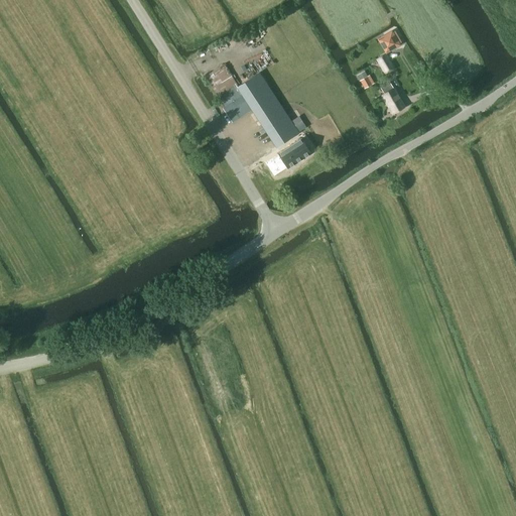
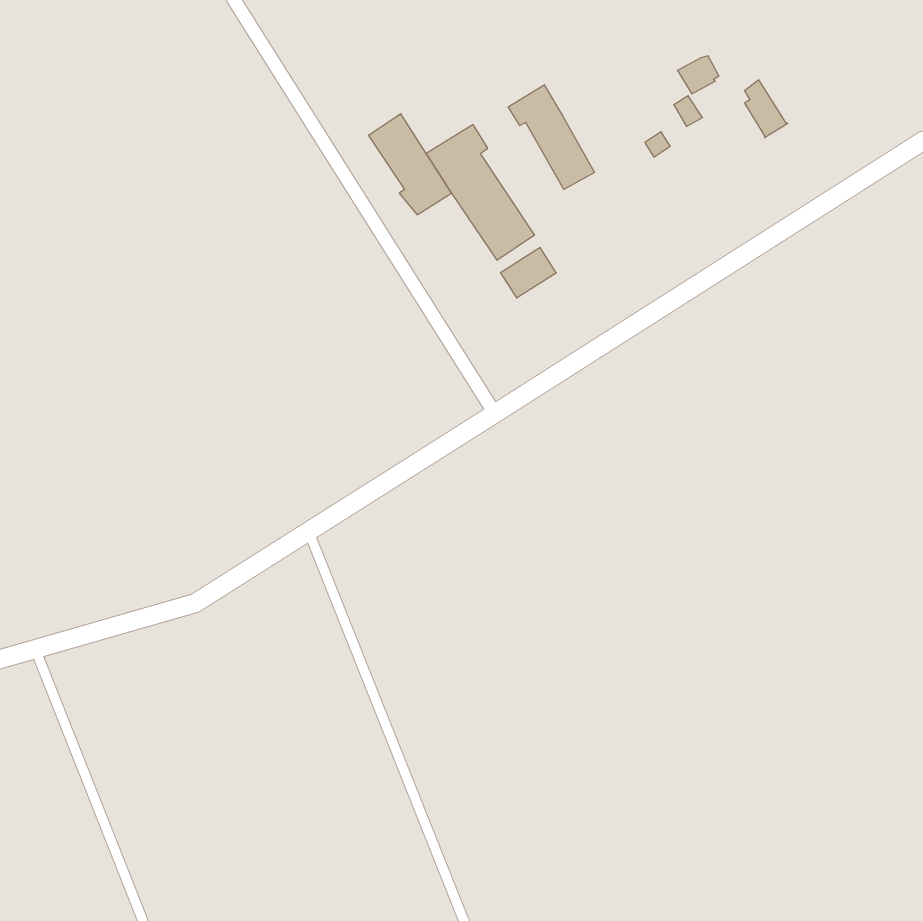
building: none -> [508,85,594,189]
building: [382,81,406,113] -> [744,80,788,138]

